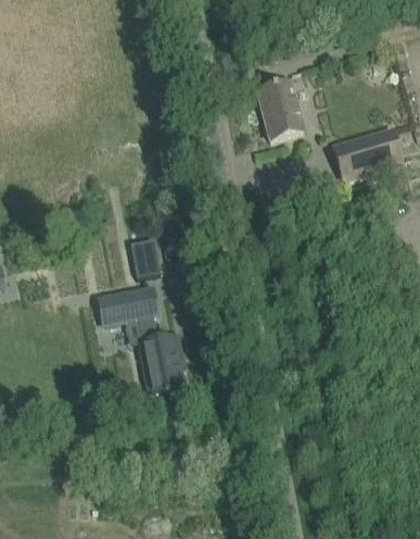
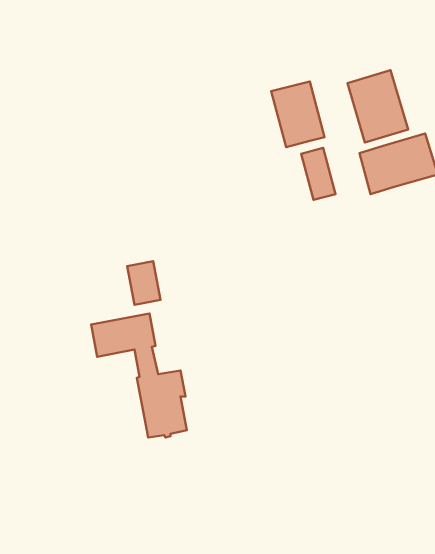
building: none -> [347,70,408,143]
building: none -> [301,148,336,200]

